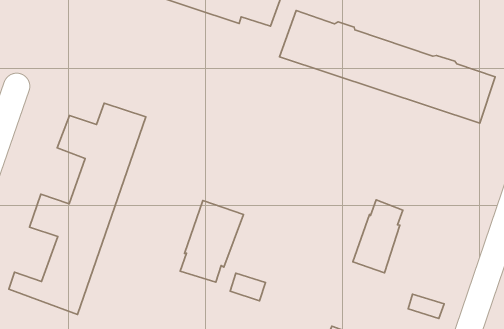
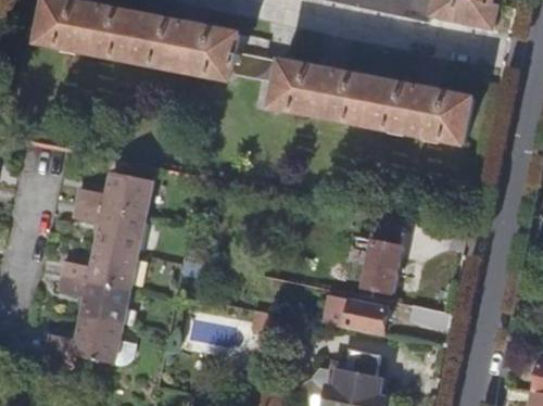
building: [180,200,244,282] -> none
building: none -> [341,299,387,333]

